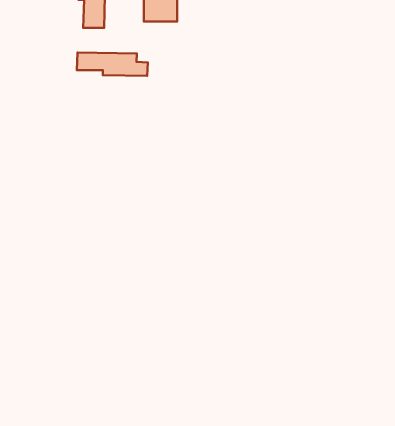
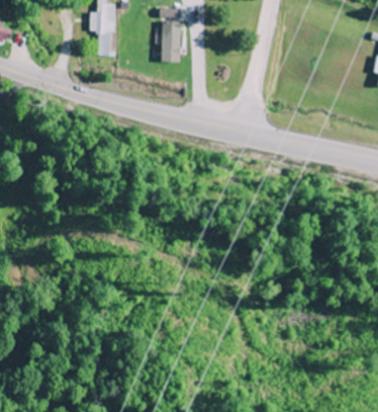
building: [77,52,148,76] -> none

